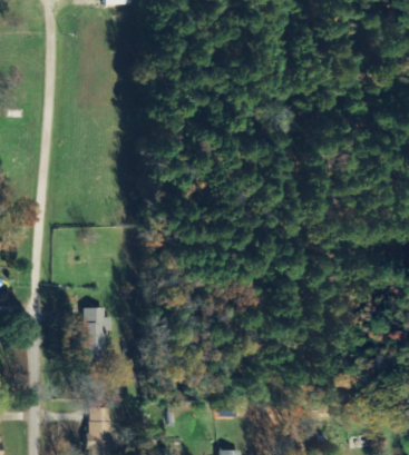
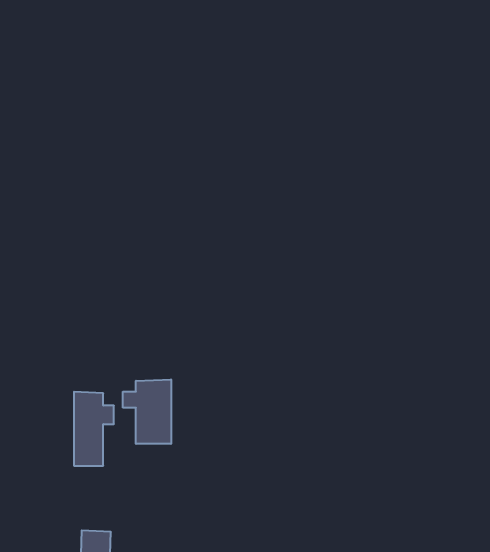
building: none -> [123,379,171,444]

